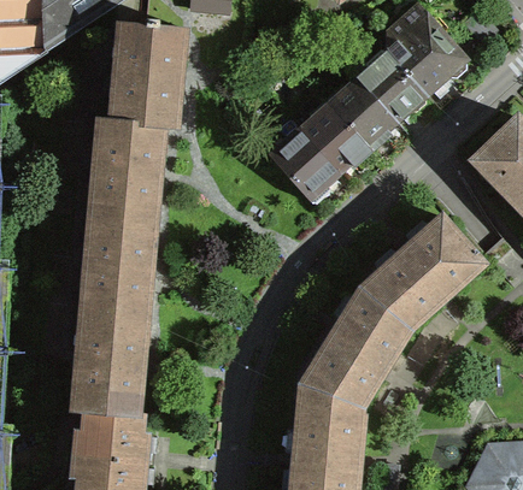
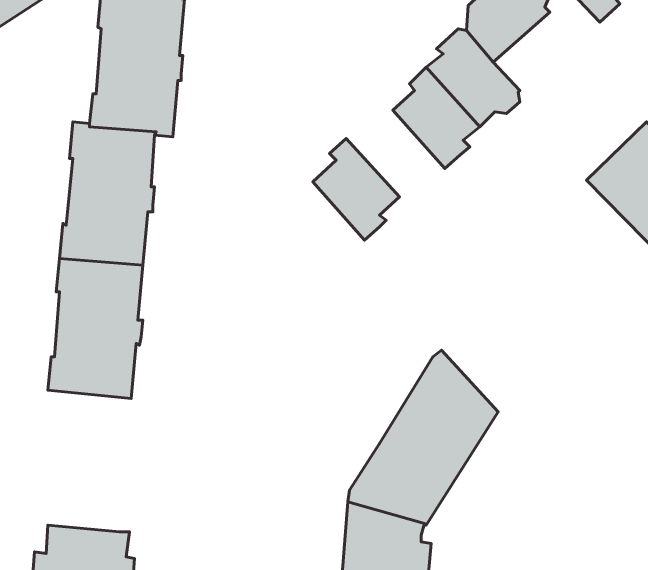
building: [404,37,464,95] -> none
building: [298,108,369,171] -> none
building: [366,217,480,326] -> none
building: [74,311,142,413] -> none

